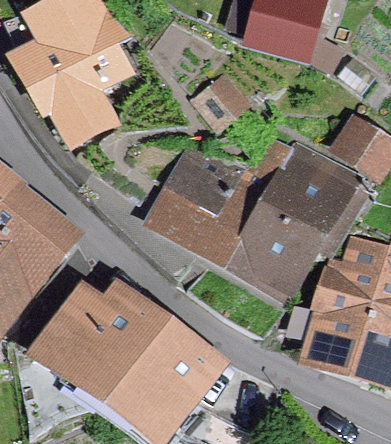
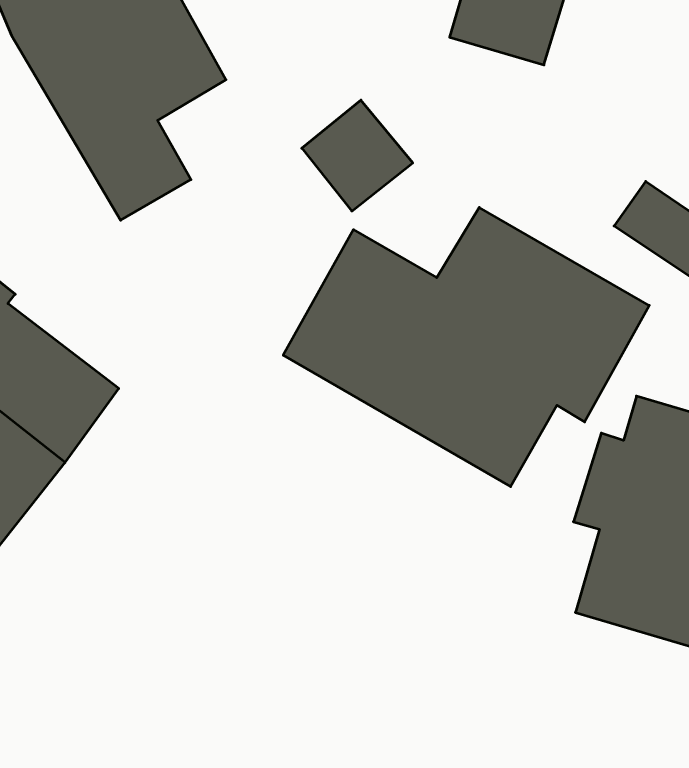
building: [32,295,208,433] -> none

